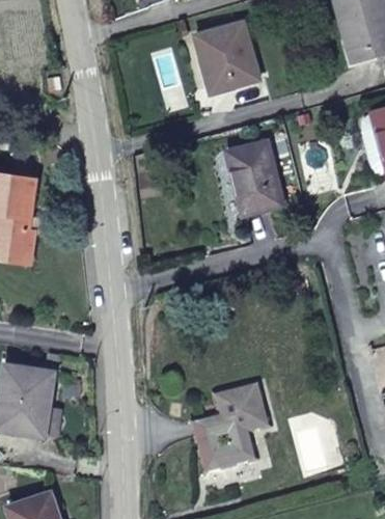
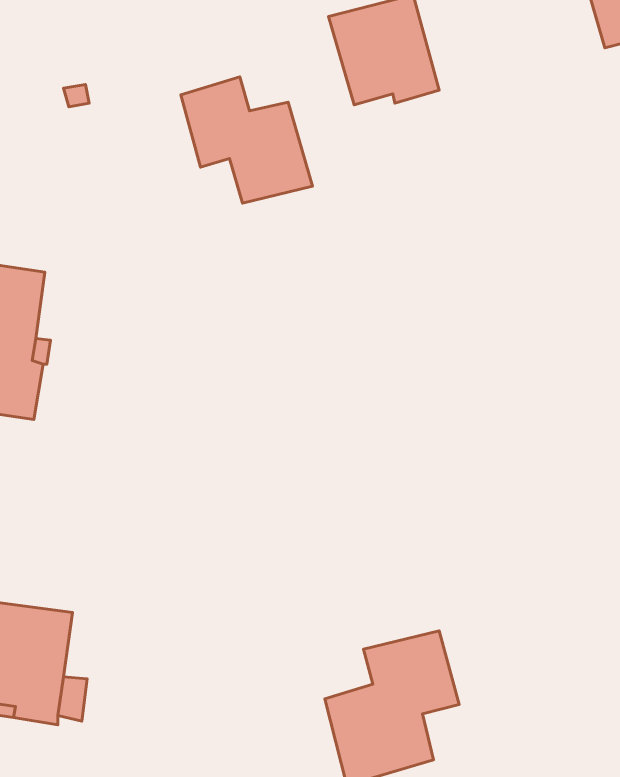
building: none -> [181,77,312,203]
building: [227,142,281,215] -> none

